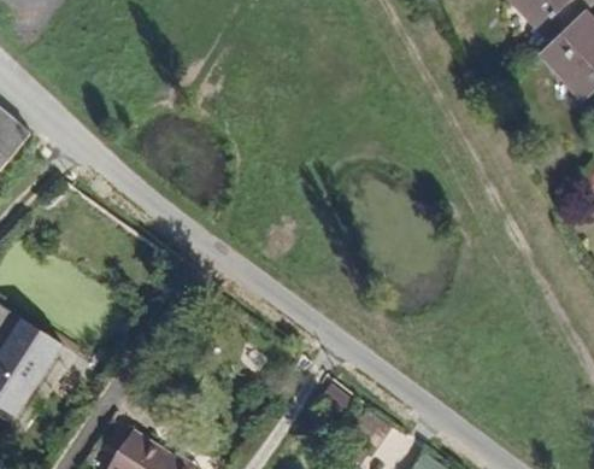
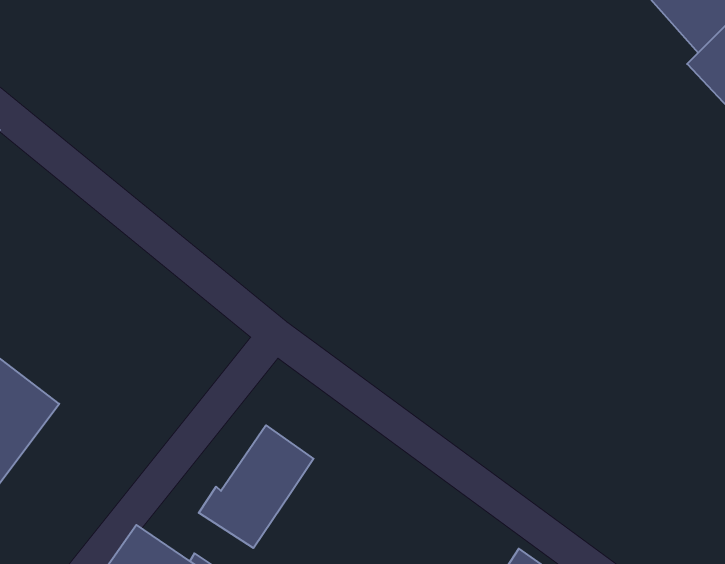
building: none -> [199,425,314,548]

